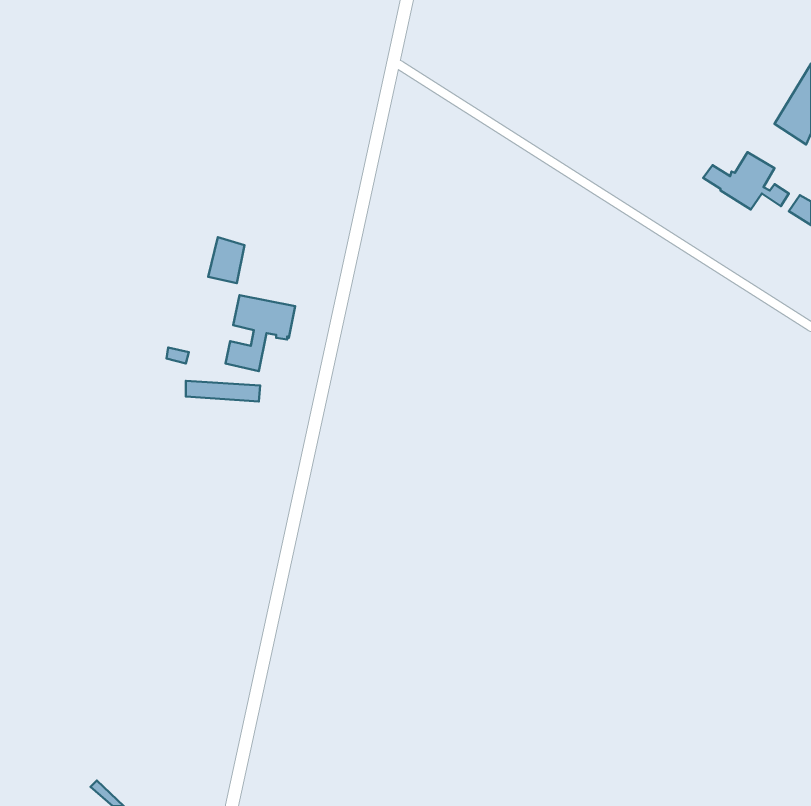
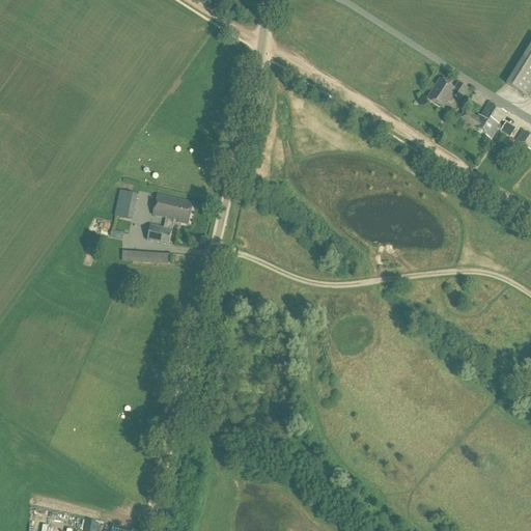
building: none -> [428,77,468,106]
building: [208,237,245,283] -> [113,188,137,218]

